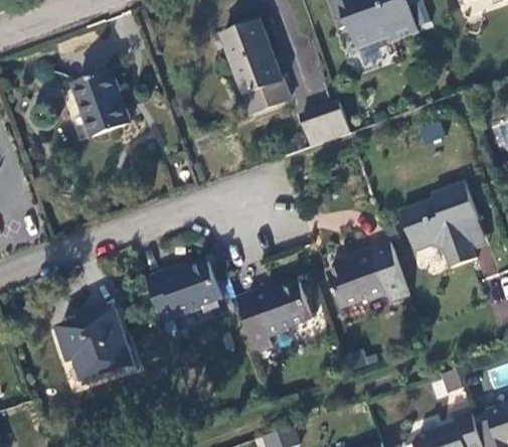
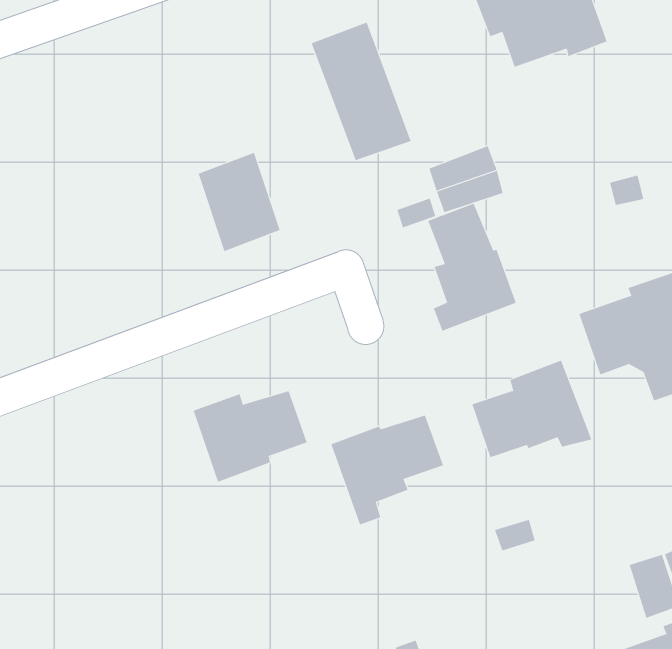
building: [71,68,126,134] -> [198,152,281,252]
building: none -> [427,203,516,332]
building: [58,307,133,379] -> none

